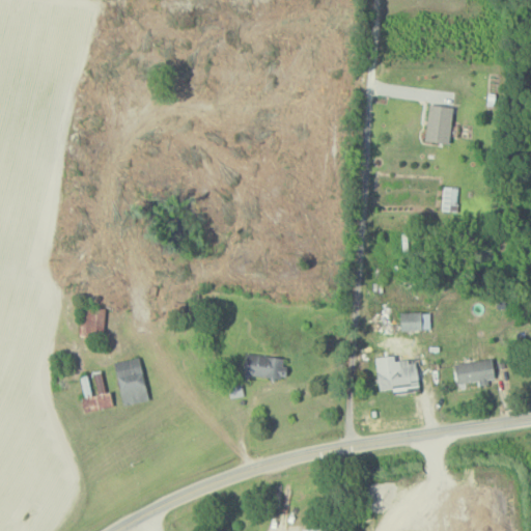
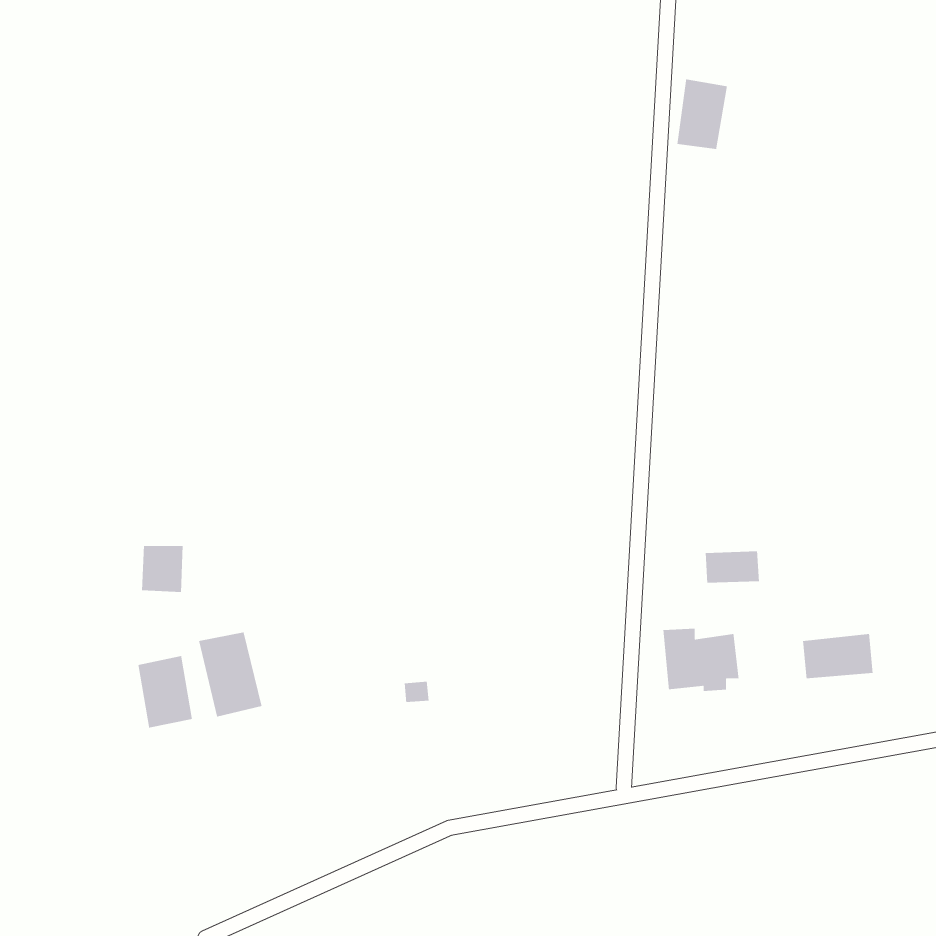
building: [425,104,454,144] -> [676,78,728,150]
building: [442,186,459,213] -> none
building: [245,355,285,379] -> none

